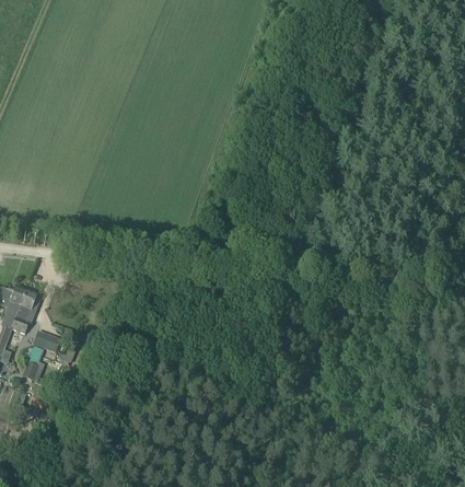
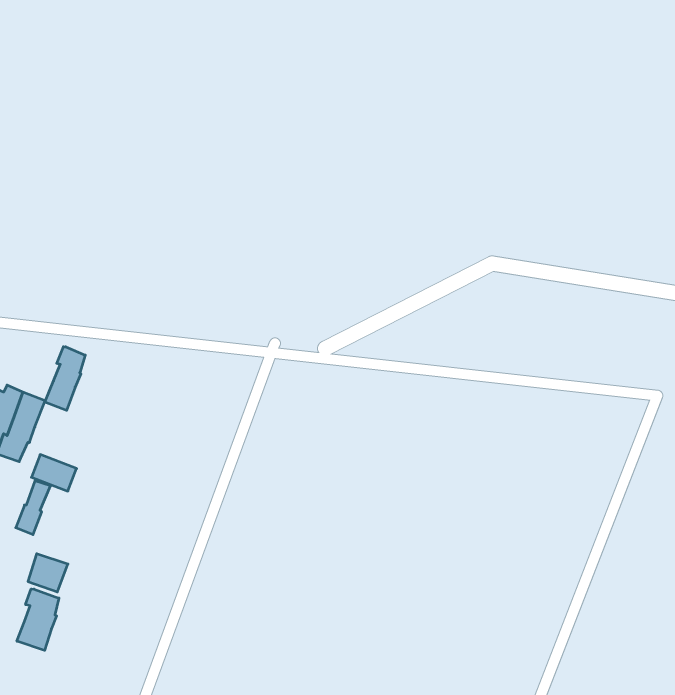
building: none -> [45,347,85,410]
building: none -> [17,589,59,650]

